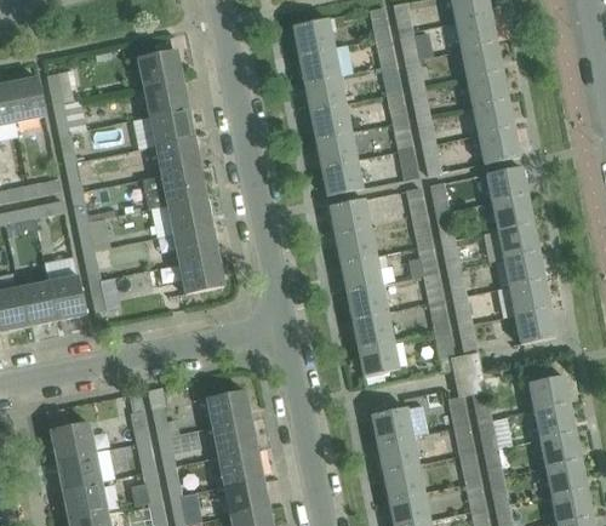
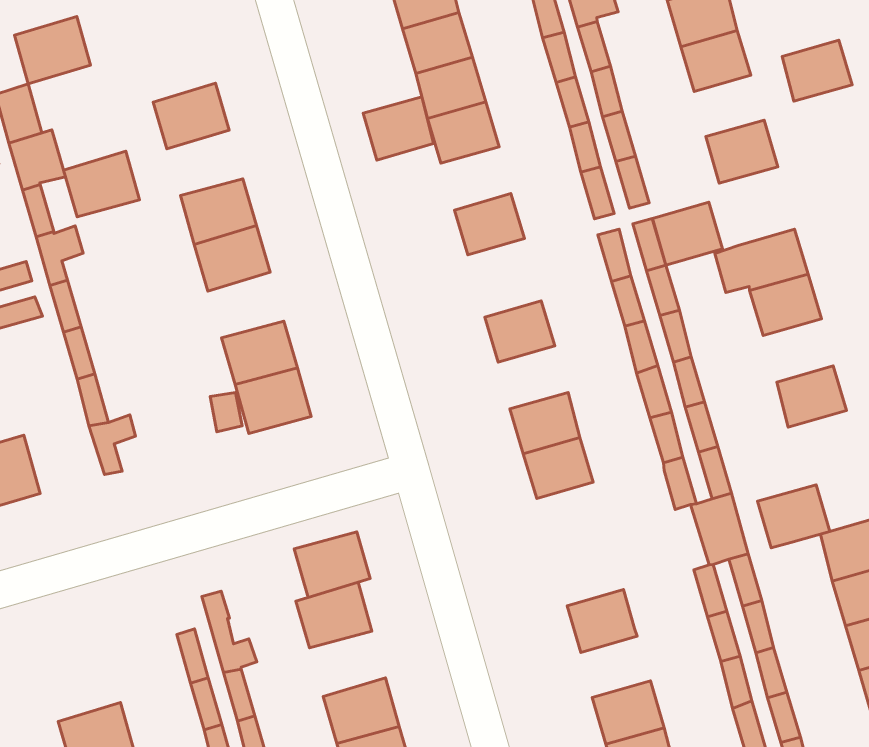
building: [137,48,182,87] -> [14,16,90,84]
building: [473,99,514,135] -> [782,40,852,101]
building: [149,108,194,145] -> [63,151,139,217]
building: [315,131,356,167] -> [363,97,433,160]
building: [486,166,527,202] -> [652,202,722,265]
building: [167,196,212,234] -> none
building: [328,198,370,234] -> none
building: [503,251,544,287] -> none
building: [341,255,382,291] -> none
building: [48,278,86,320] -> none
building: [514,308,556,344] -> [758,485,830,548]
building: [358,339,399,376] -> none
building: [212,419,257,457] -> [294,532,370,597]
building: [50,421,95,459] -> none
building: [377,435,418,470] -> none

